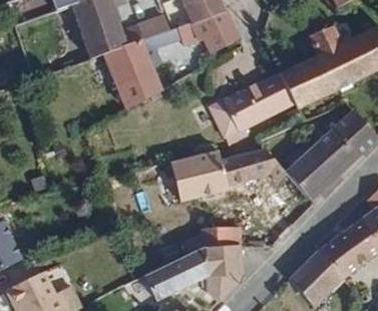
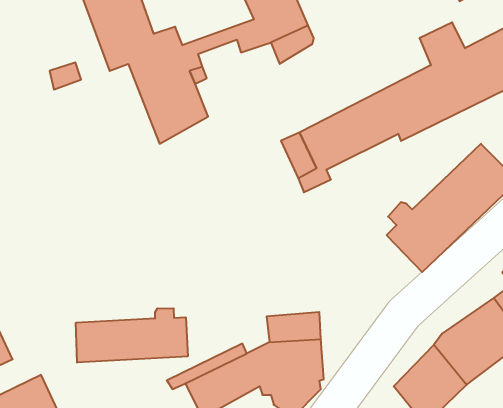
building: [170,148,287,203] -> none
building: none -> [76,308,188,363]

